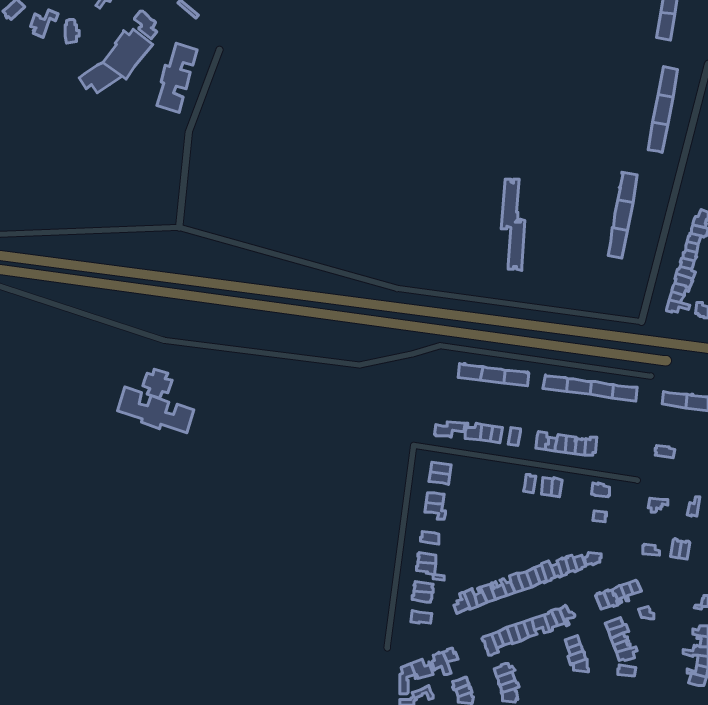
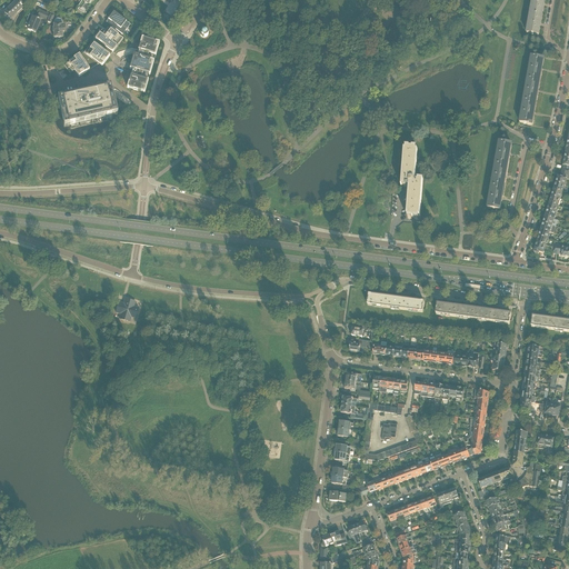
building: none -> [58,83,114,121]
building: [117,387,194,433] -> none

